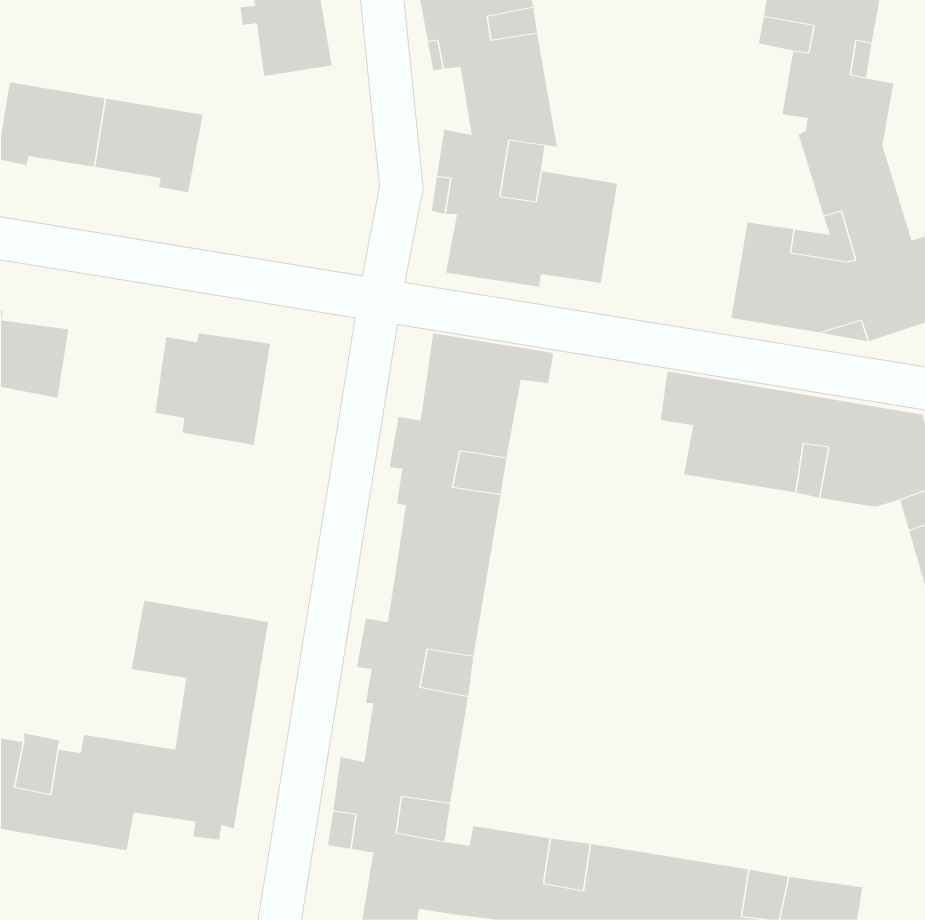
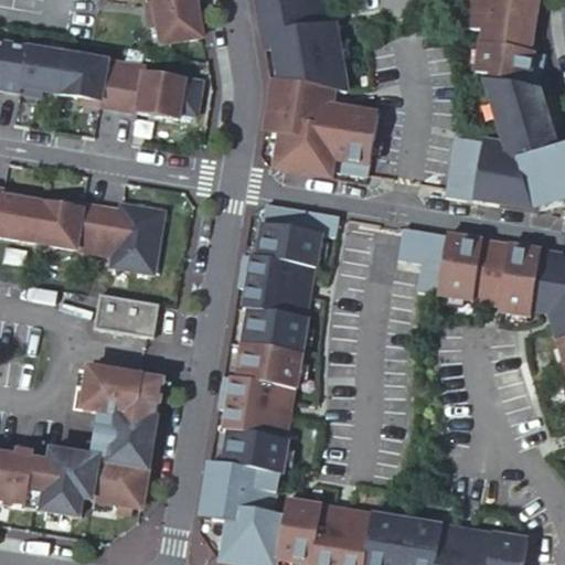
building: none -> [117,70,204,127]
building: none -> [38,200,103,250]
building: none -> [93,290,161,333]

